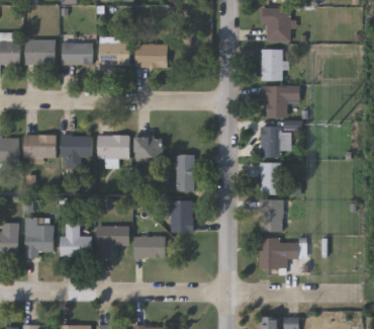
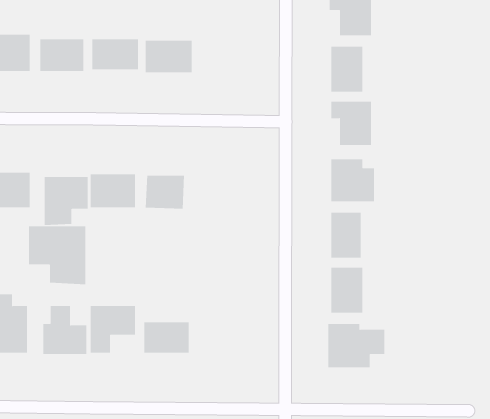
building: [175,154,193,191] -> none
building: none -> [28,226,86,285]
building: [167,199,192,233] -> none

